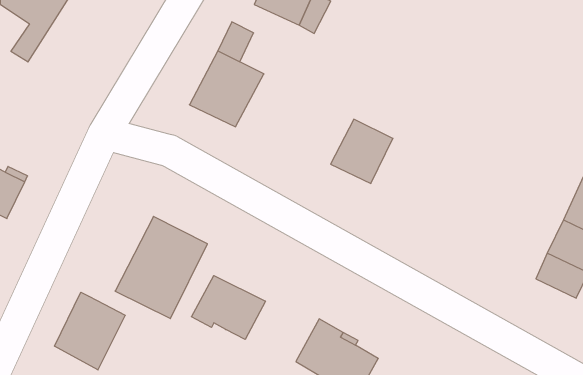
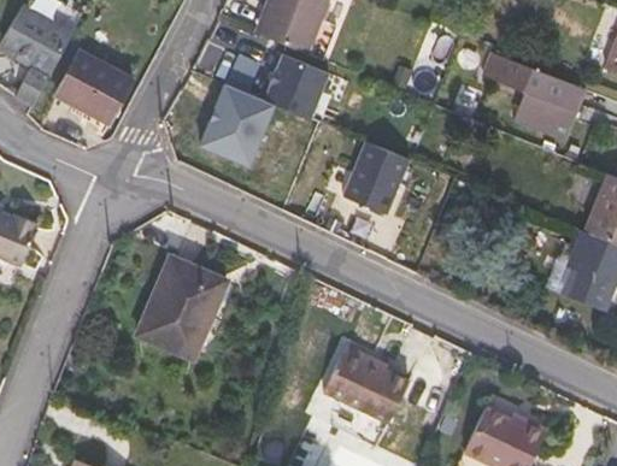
building: none -> [57,52,133,123]
building: none -> [264,53,328,117]
building: none -> [482,52,583,140]
building: [191,276,265,339] -> none
building: [55,292,125,370] -> none

